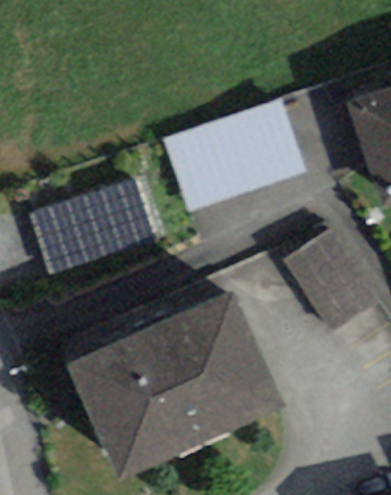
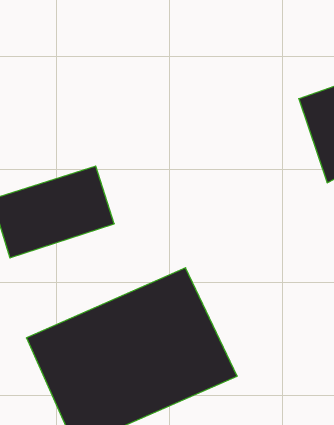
building: [161,100,305,213] -> none
building: [279,230,378,334] -> none

